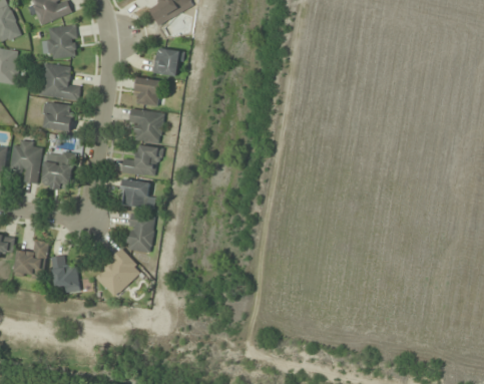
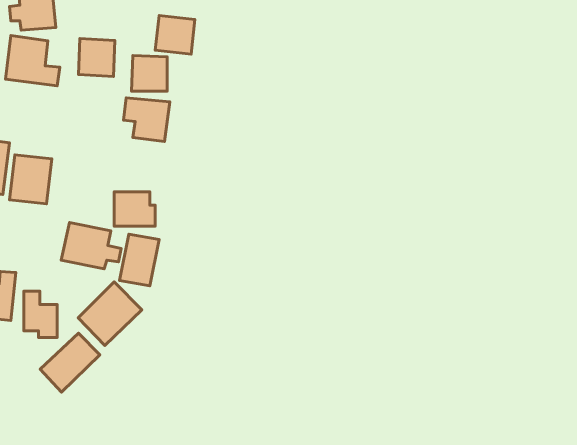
building: none -> [79,38,115,77]
building: [40,101,73,130] -> none
building: [122,144,160,176] -> none
building: none -> [61,223,121,269]
building: none -> [40,333,100,392]

